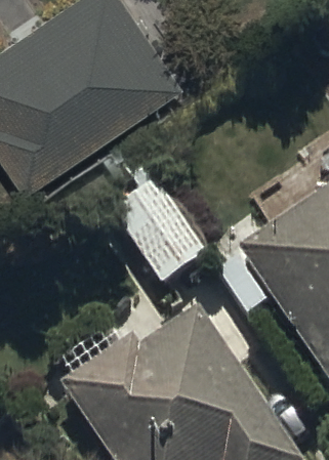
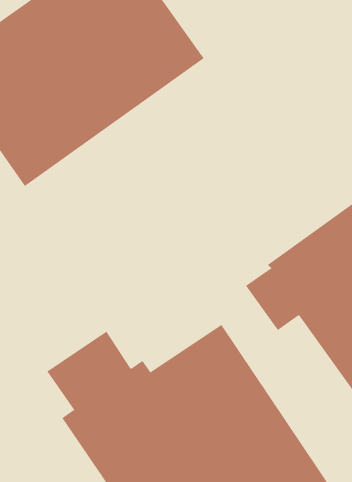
building: [110,134,210,287] -> none

